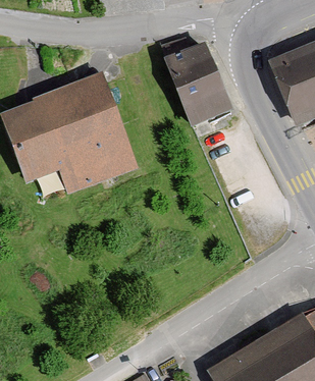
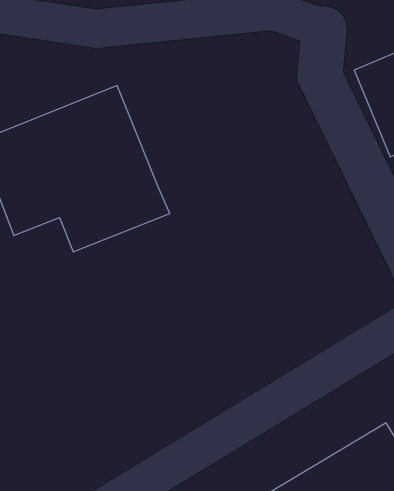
building: [164,43,231,122] -> none

